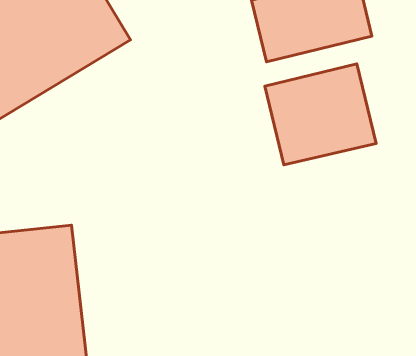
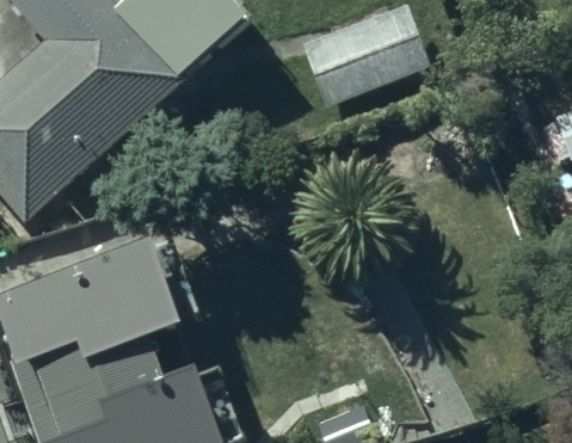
building: [265,64,376,165] -> none

